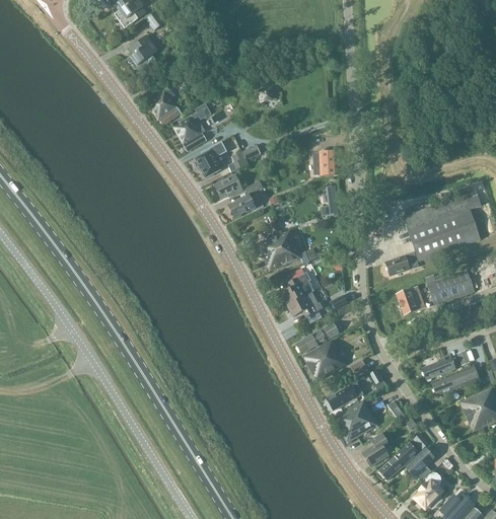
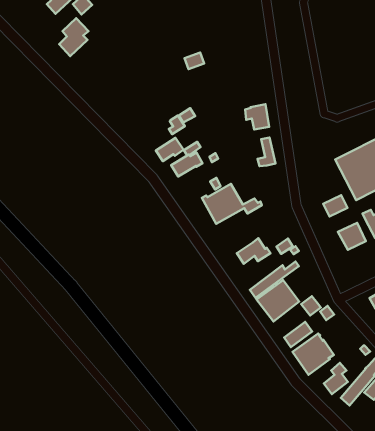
building: [147,87,182,126] -> none
building: [173,116,207,151] -> none
building: [197,141,228,177] -> none
building: [282,273,314,304] -> none

